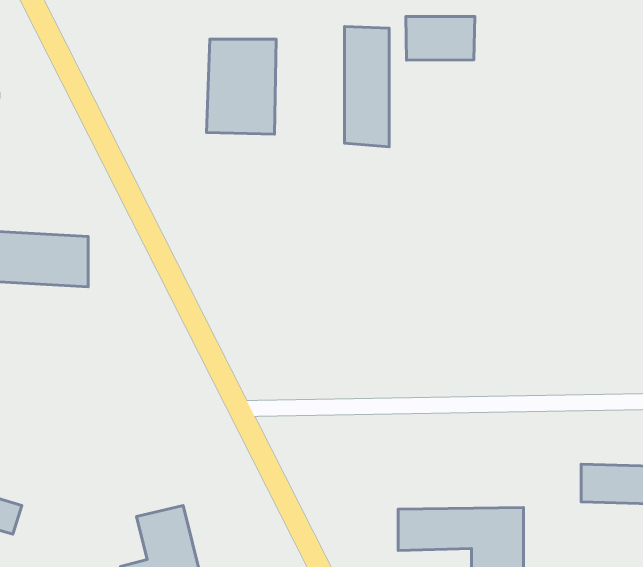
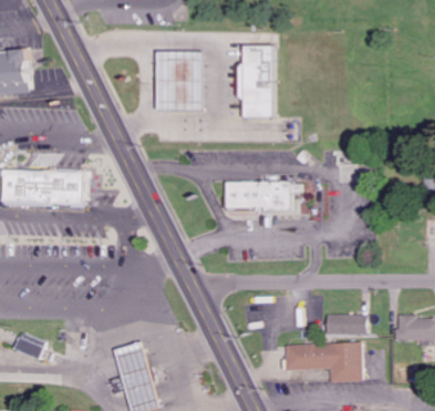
building: [406,16,475,60] -> none
building: none -> [228,182,300,213]
building: none -> [319,314,360,335]

